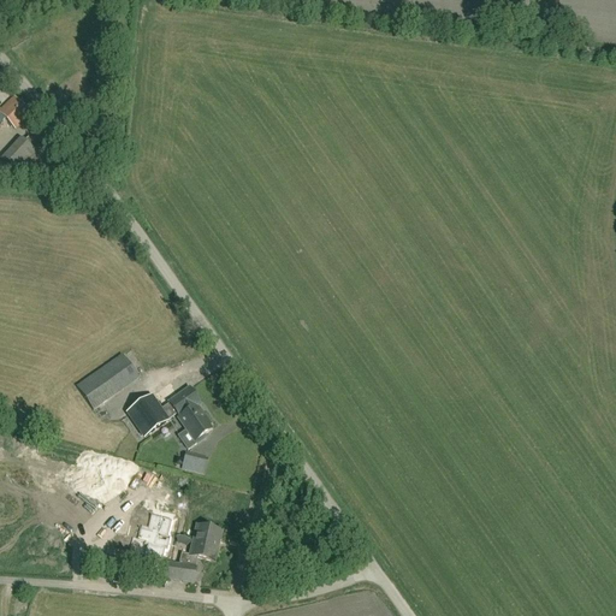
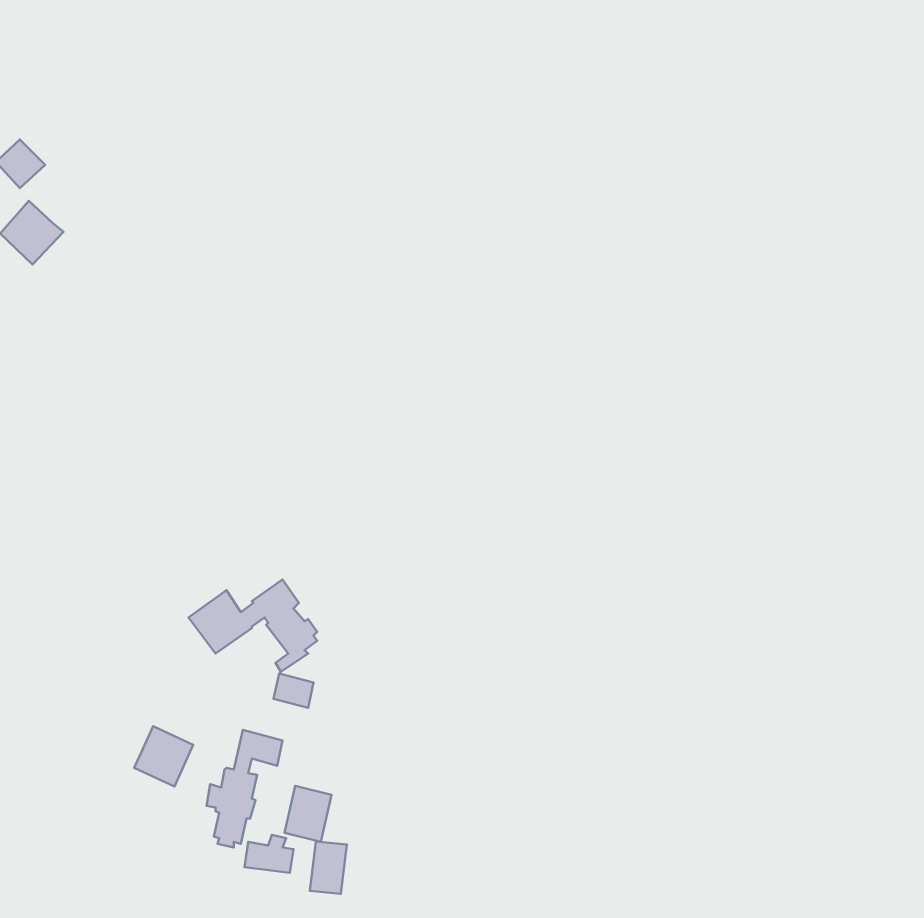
building: [76,351,137,408] -> none
building: none -> [134,726,193,787]
building: none -> [310,841,347,894]

